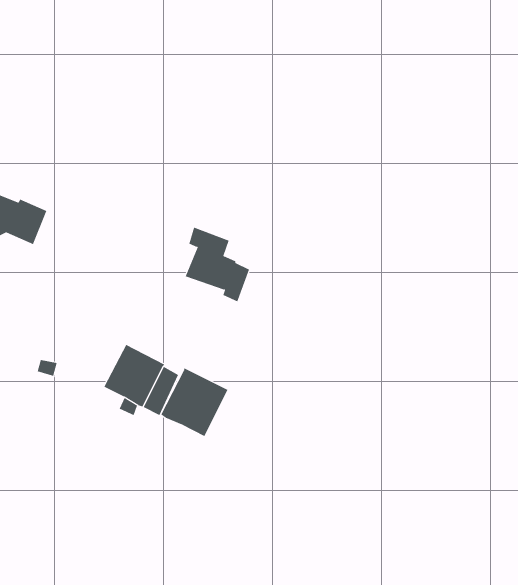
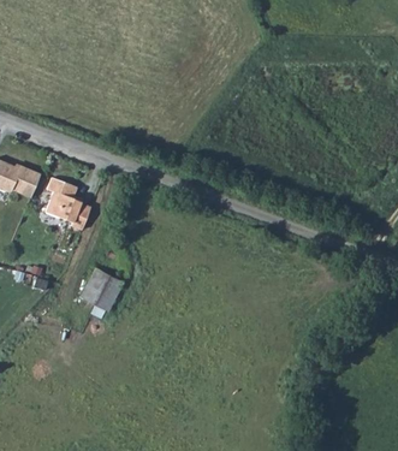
building: [185,227,250,302] -> [44,177,90,230]
building: [160,367,228,437] -> none

